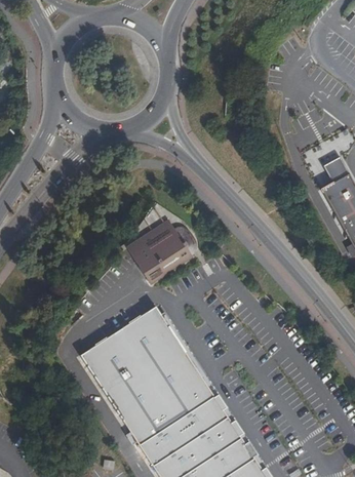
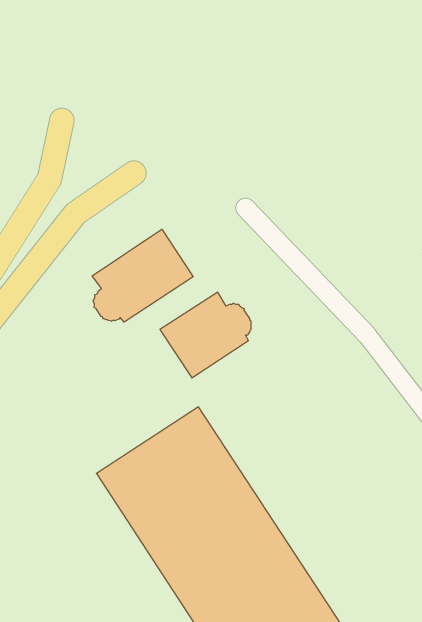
building: none -> [92,229,193,322]

